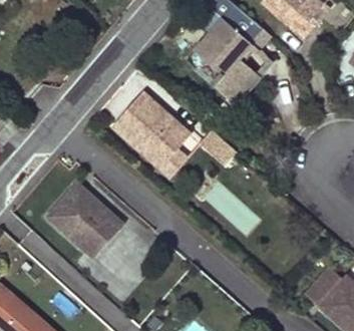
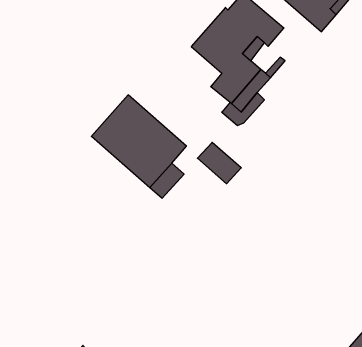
building: [47,184,123,259] -> none

